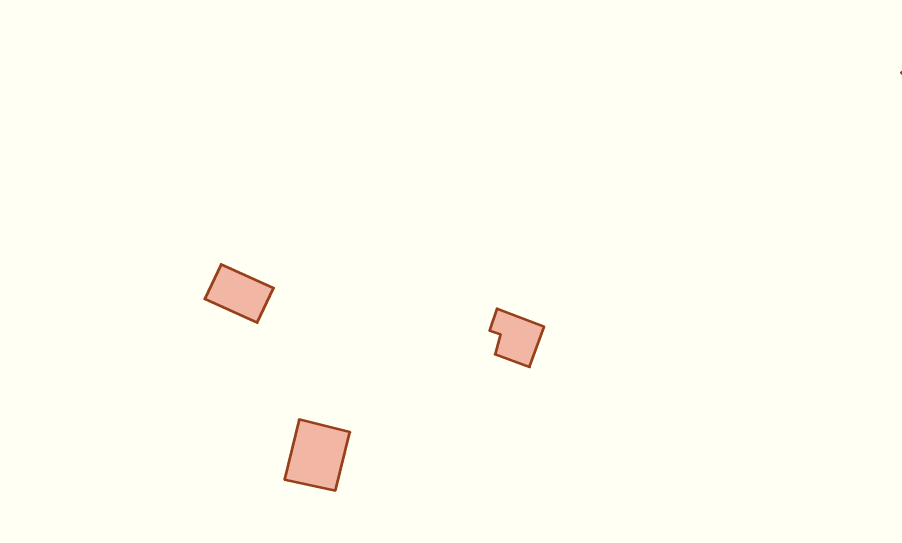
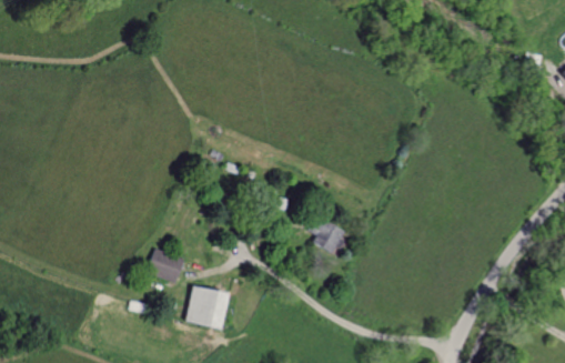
building: [205,264,274,323] -> [149,248,191,283]

